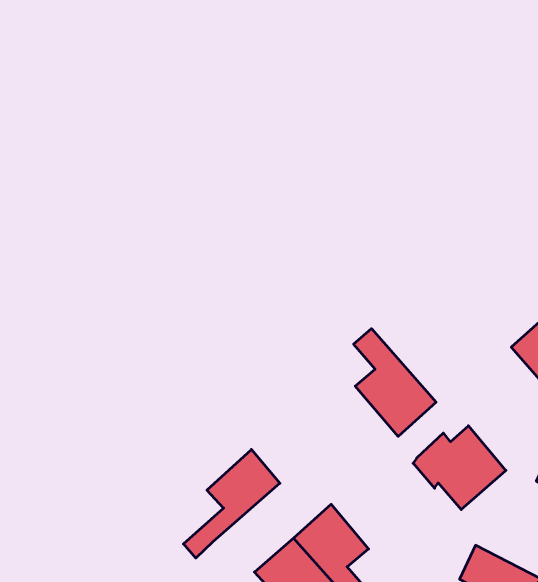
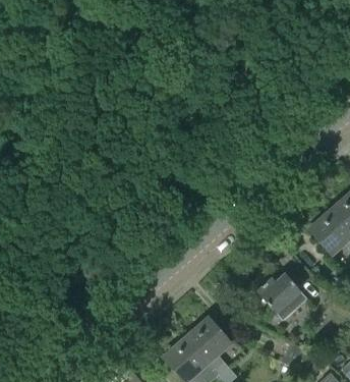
building: [354,329,436,436] -> none
building: [183,449,280,558] -> none

